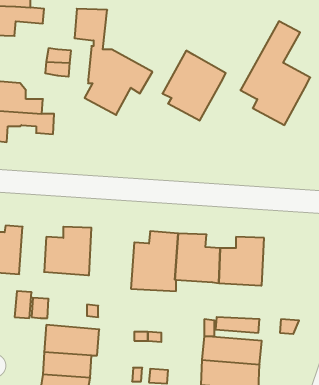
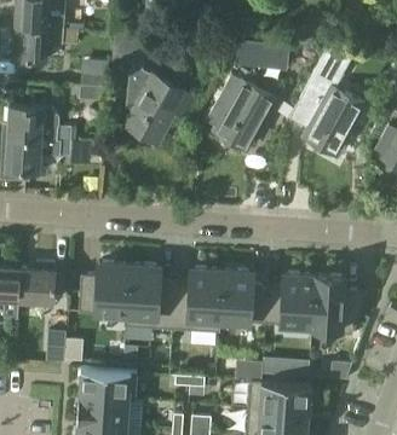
building: none -> [236,40,290,70]
building: none -> [125,265,176,330]
building: none -> [311,276,368,335]

